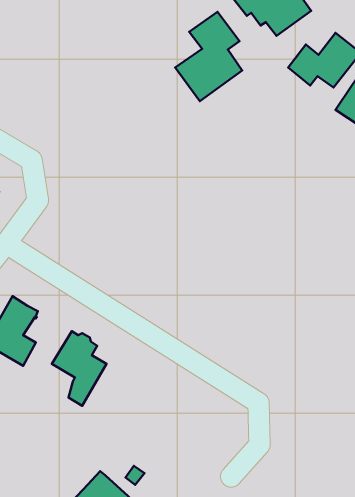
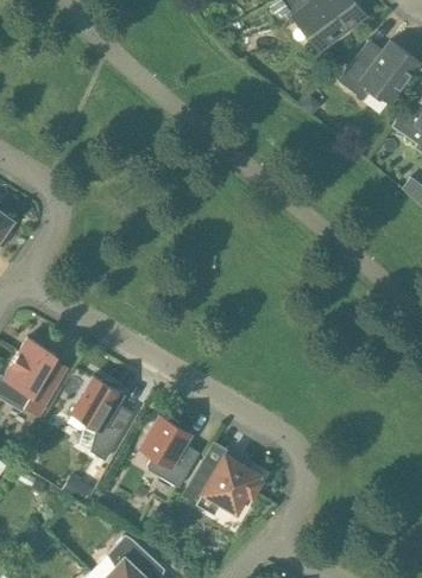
building: [175,12,242,101] -> none
building: none -> [140,417,200,489]
building: none -> [181,455,264,514]

